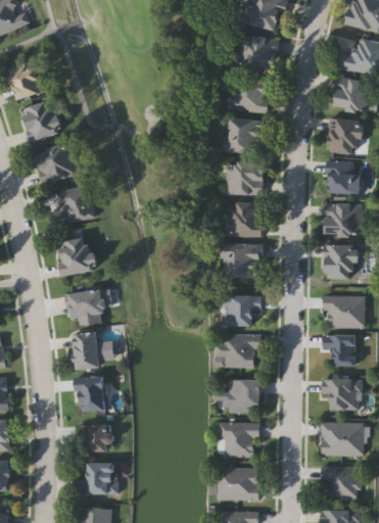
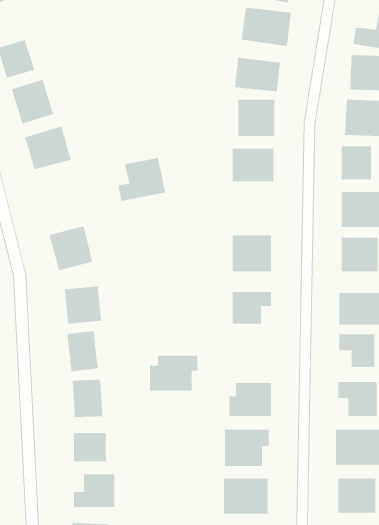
building: [50,185,95,226] -> [117,157,166,202]
building: [231,202,265,236] -> none
building: [216,333,260,367] -> [149,355,198,391]

